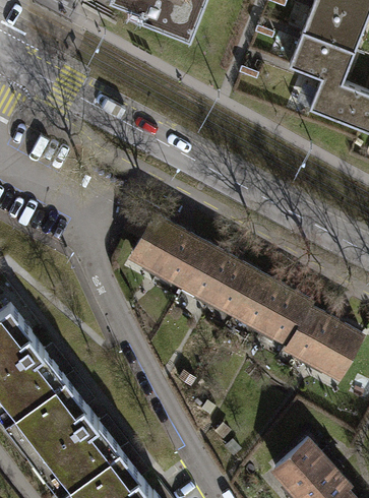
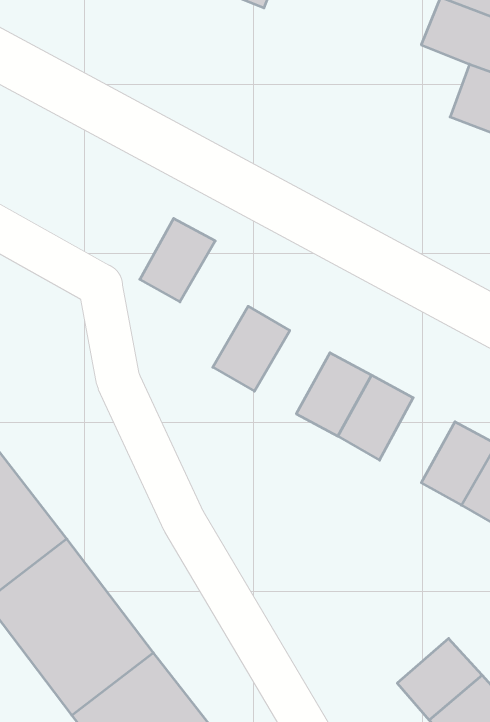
building: [130,217,178,270] -> [140,218,215,302]
building: [182,247,230,300] -> none
building: [261,290,309,344] -> none

